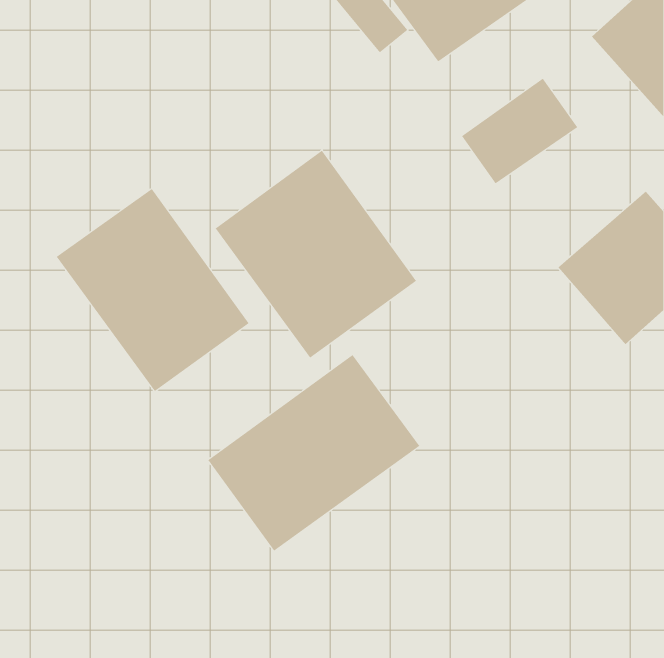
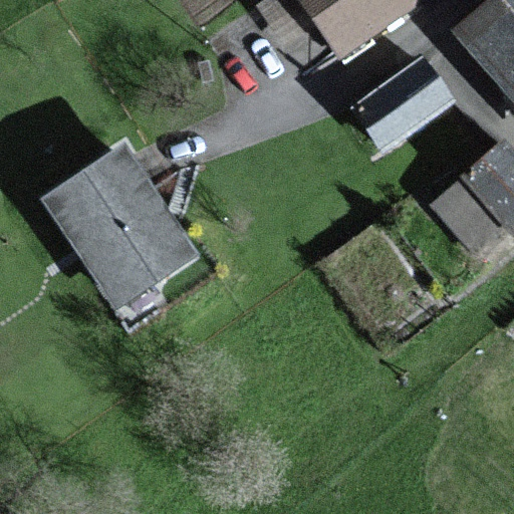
building: [215,150,417,358] -> none
building: [207,354,420,551] -> none

